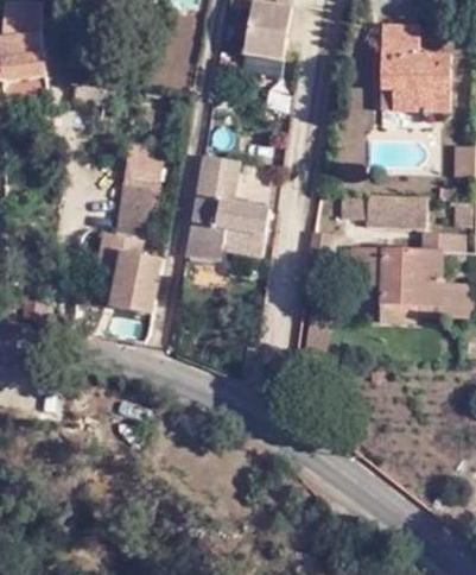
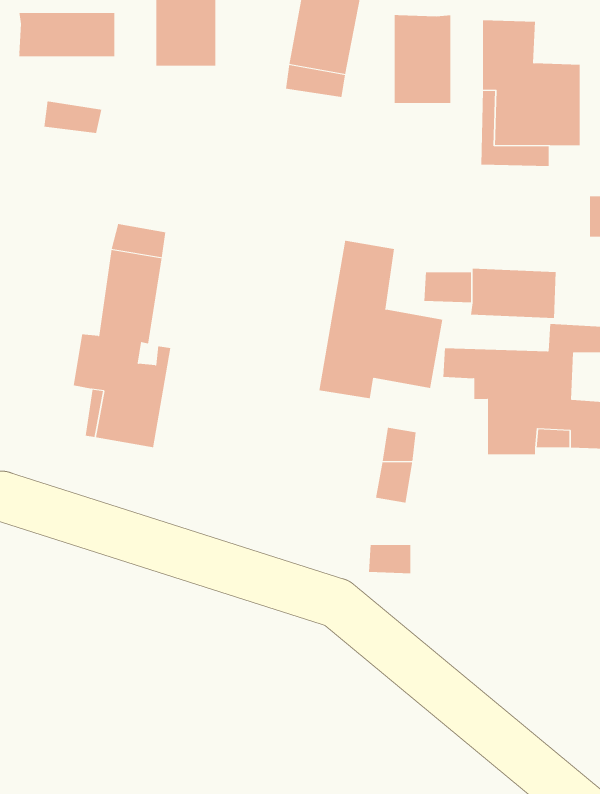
building: none -> [19,12,115,57]
building: none -> [394,14,451,104]
building: [185,152,271,261] -> [319,240,443,399]

